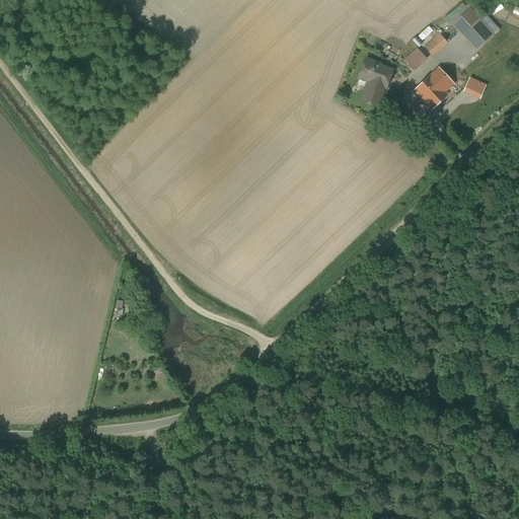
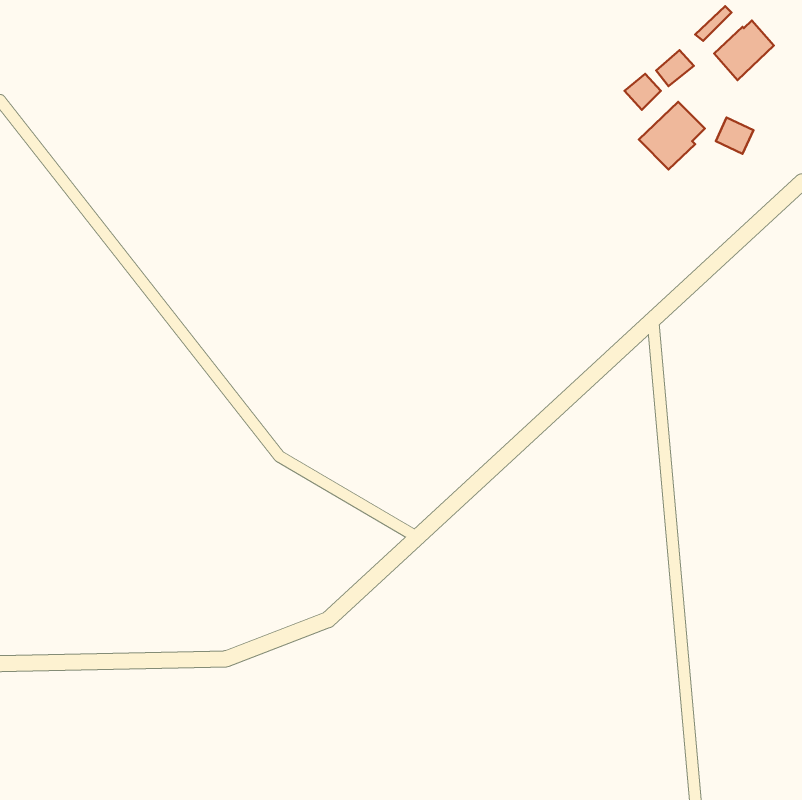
building: [356,56,393,106] -> none

